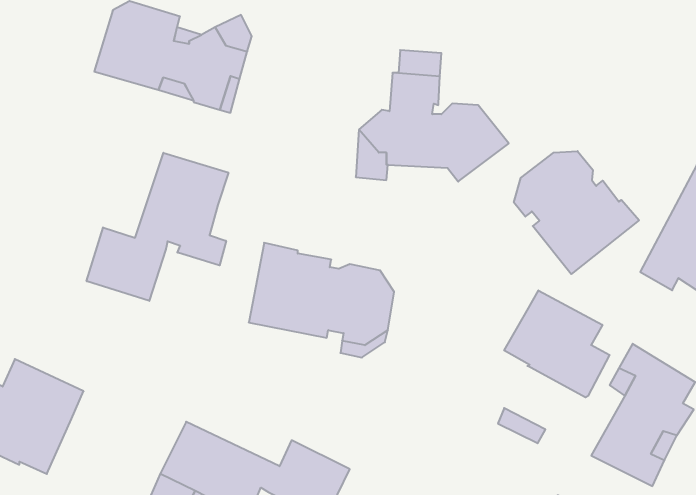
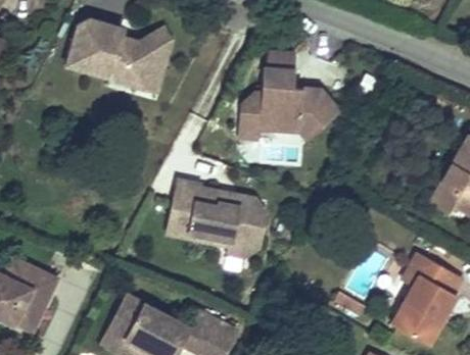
building: [514,151,639,274] -> none
building: [87,153,228,301] -> none
building: [504,290,610,397] -> none

